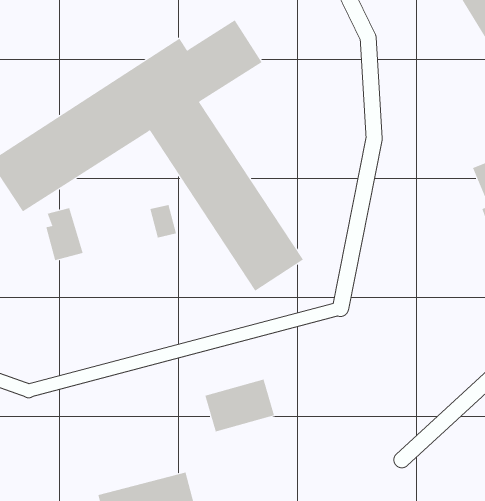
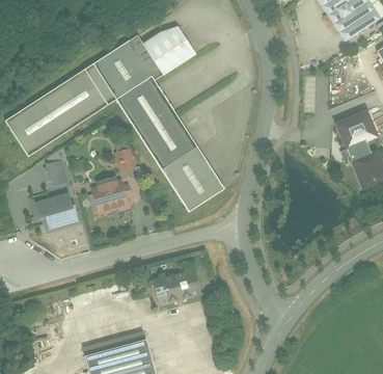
building: none -> [88,179,126,212]
building: none -> [36,195,81,231]

